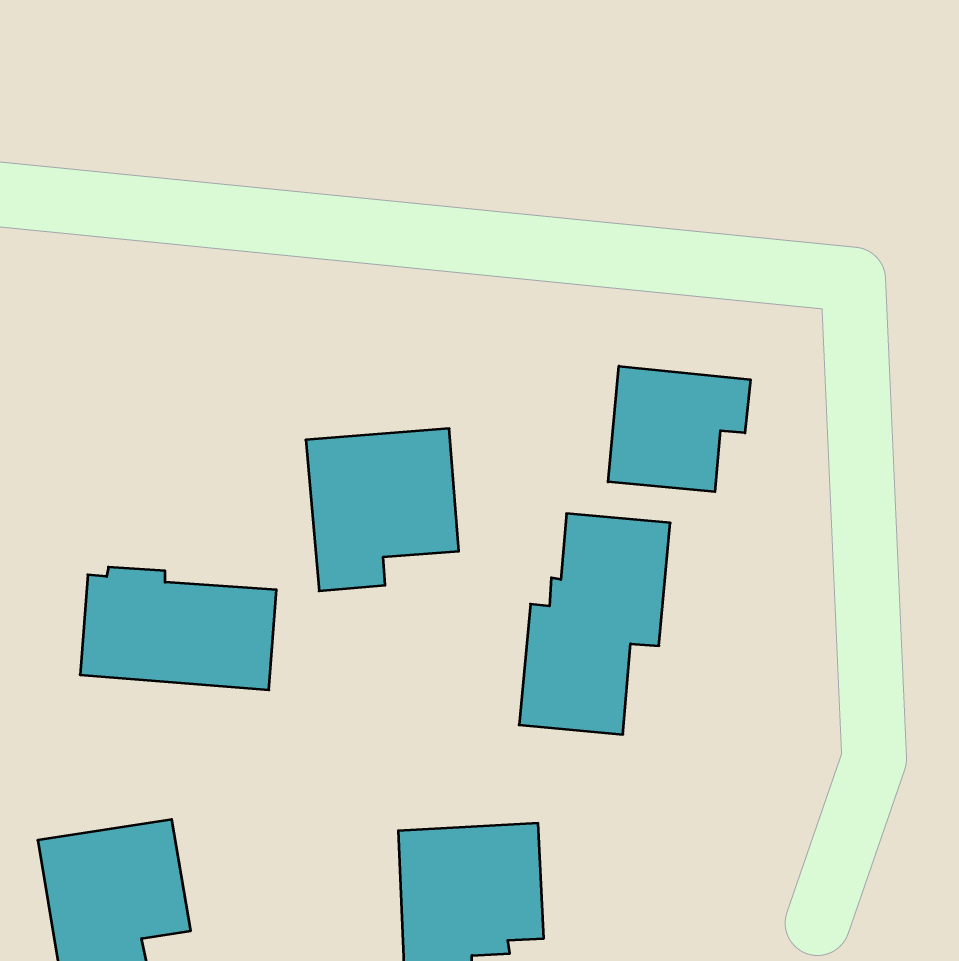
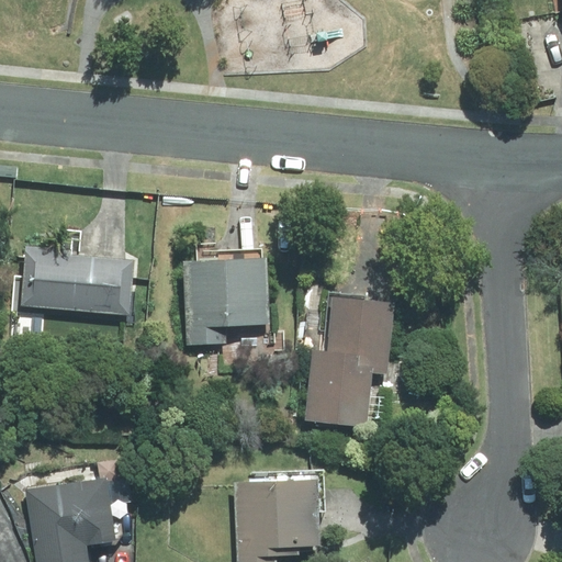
building: [608,366,750,492] -> none
building: [80,567,276,690] -> [18,241,132,313]

